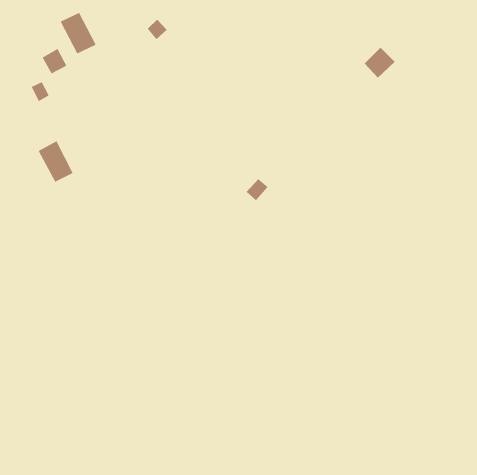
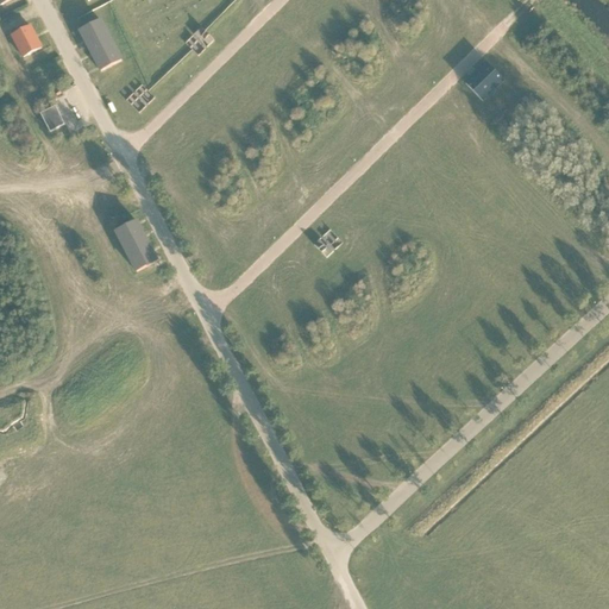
building: [42,48,67,74] -> [10,21,42,55]
building: [38,140,74,183] -> [113,216,158,270]

